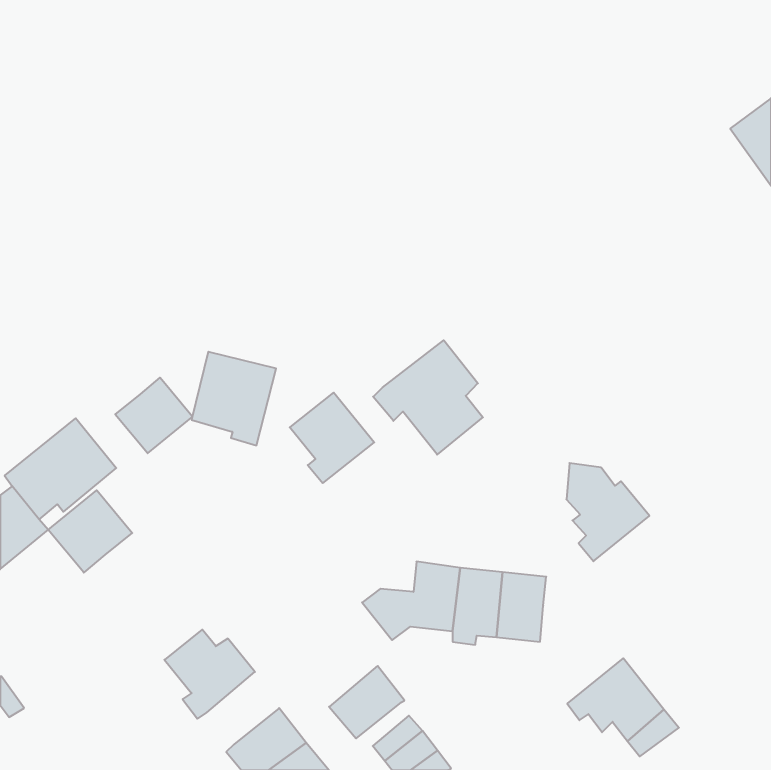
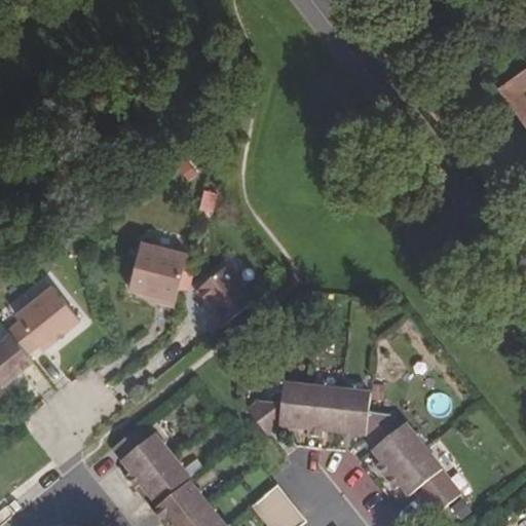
building: [373,340,483,455] -> none
building: [115,378,192,453] -> none
building: [566,463,649,561] -> [368,412,424,479]
building: [48,490,132,573] -> none
building: [329,666,404,738] -> [141,457,192,506]

